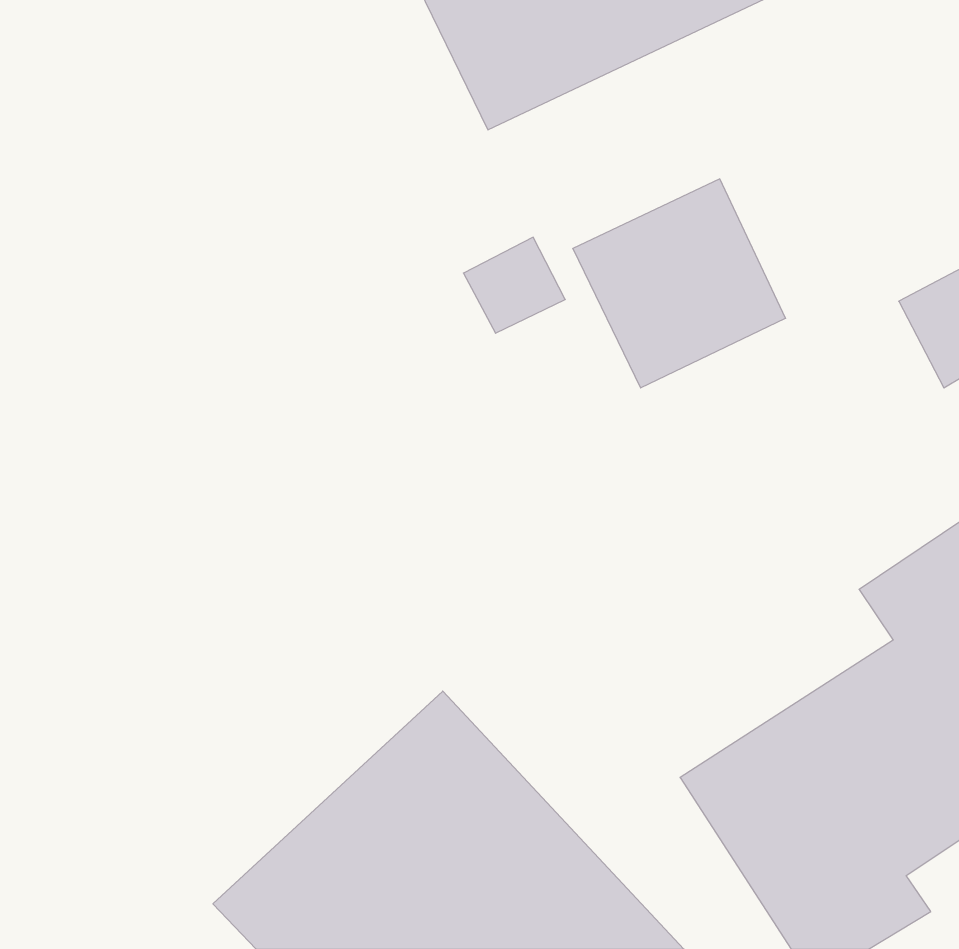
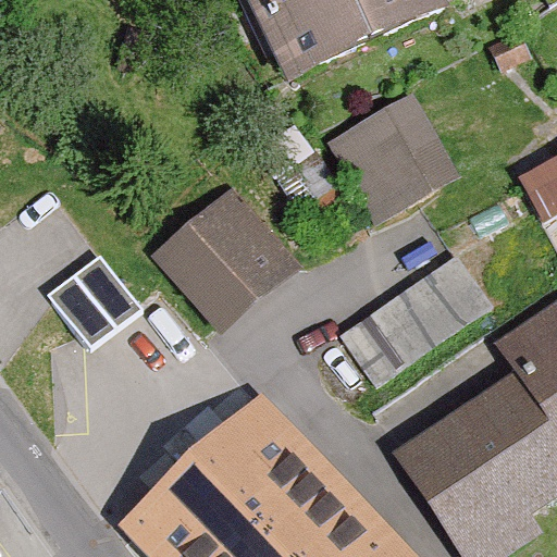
building: none -> [149,185,288,339]
building: none -> [344,250,492,381]
building: none -> [49,253,144,355]

